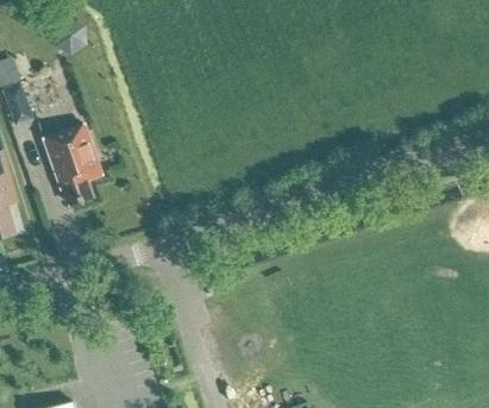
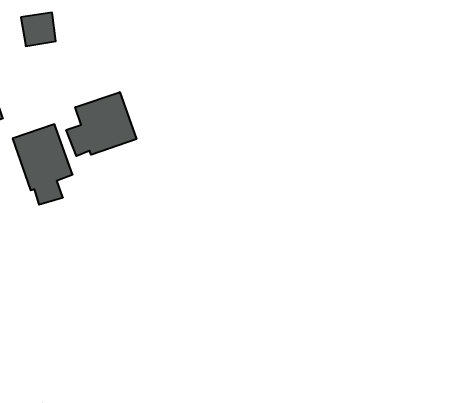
building: none -> [66,92,136,156]

